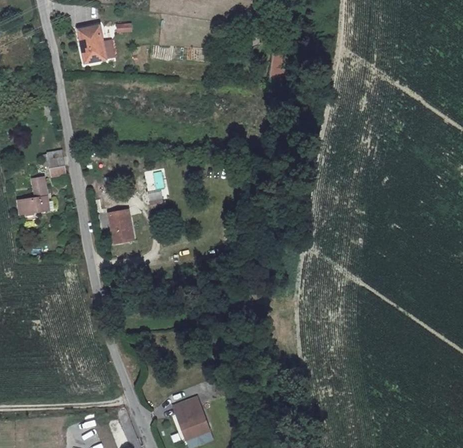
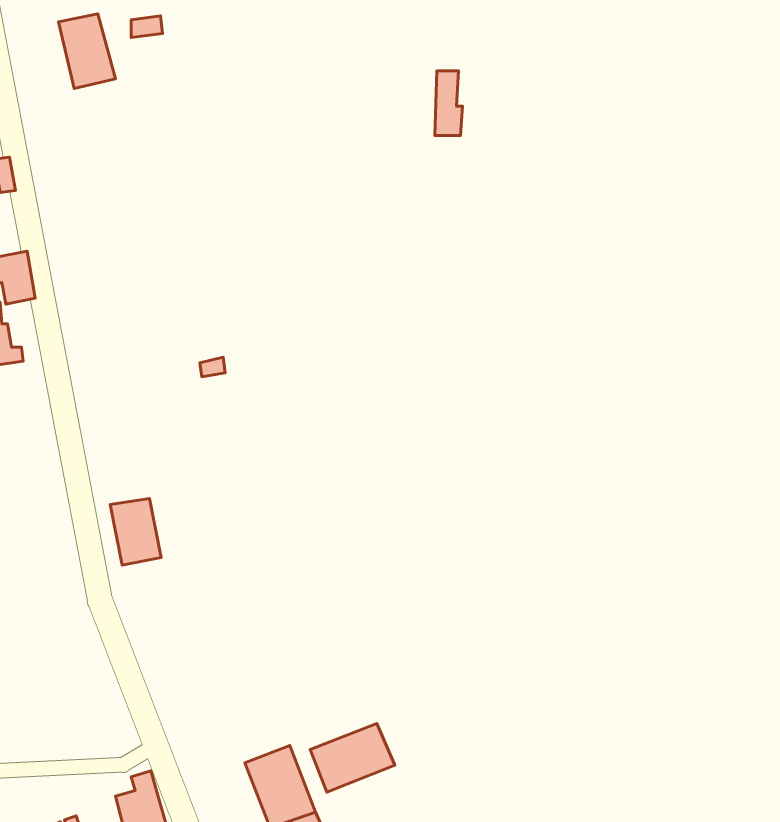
building: [107,210,133,244] -> [110,499,161,565]
building: none -> [310,724,395,792]

